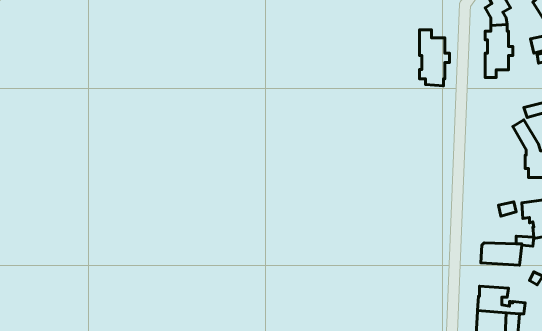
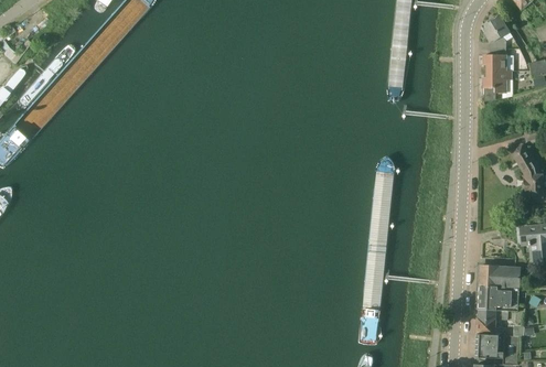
building: [419,30,450,86] -> none
building: none -> [479,284,518,310]

